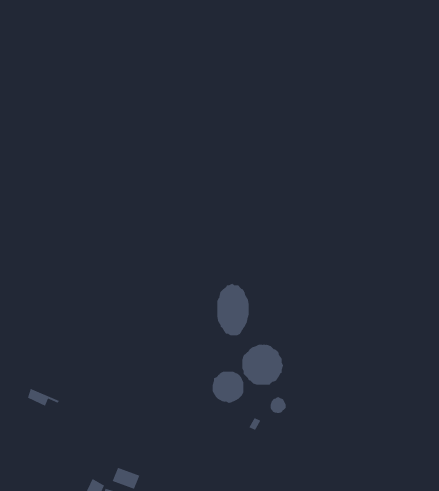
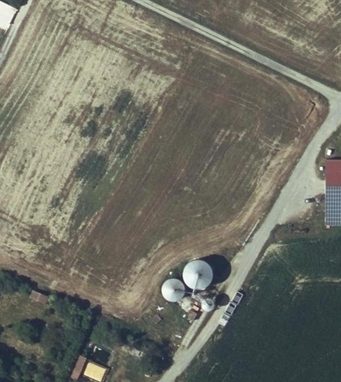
building: [217,283,249,336] -> none

